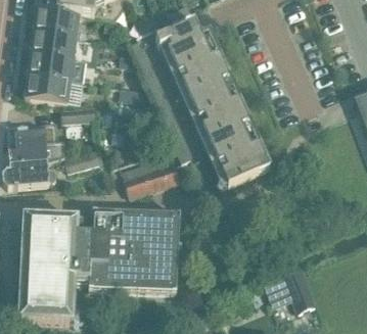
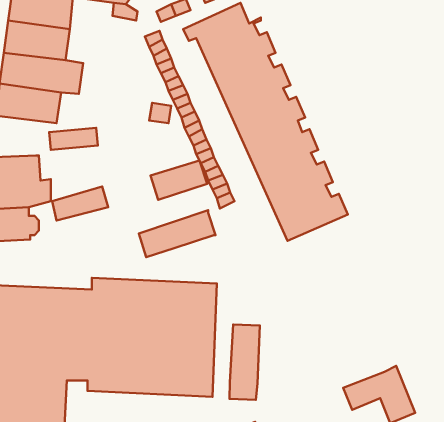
building: none -> [150,161,207,200]
building: none -> [229,325,260,400]

